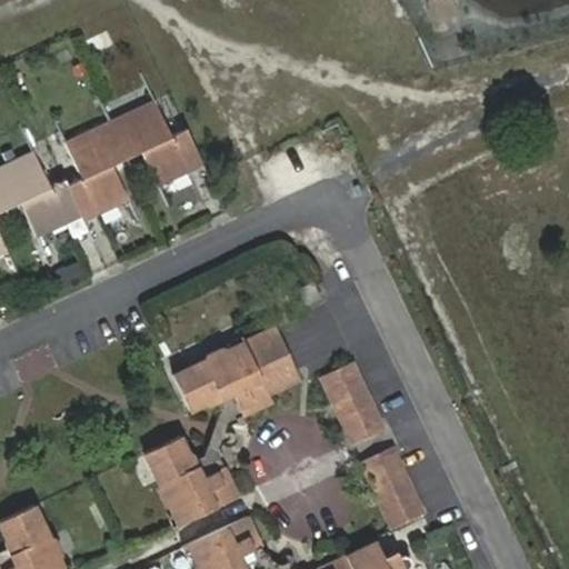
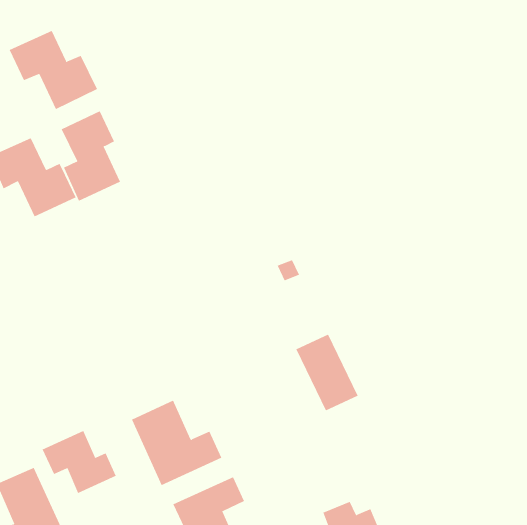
building: [108,101,203,187] -> [9,30,98,110]
building: [172,327,301,419] -> none
building: [359,447,426,530] -> none
building: none -> [42,430,117,494]

